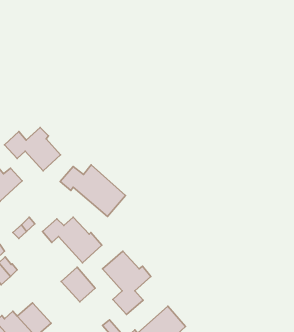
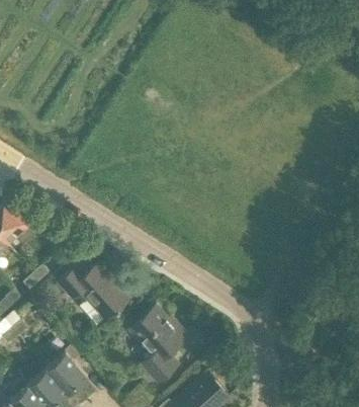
building: [5,127,61,171] -> none
building: [60,165,125,217] -> none
building: [61,267,95,302] -> [46,350,86,392]

